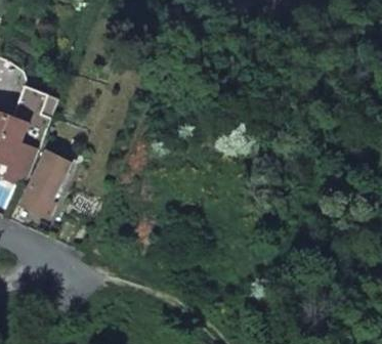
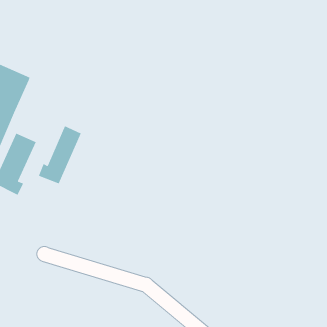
building: none -> [38,125,82,185]

